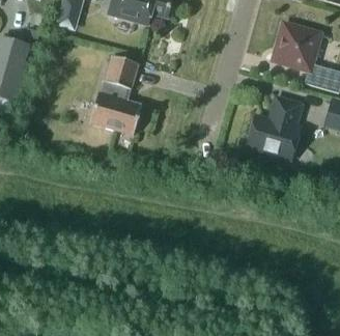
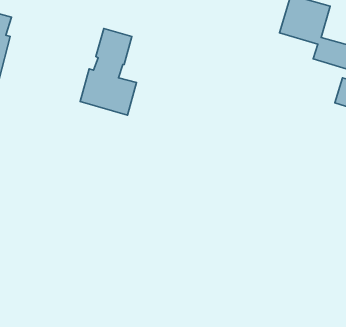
building: [246,97,301,159] -> none

